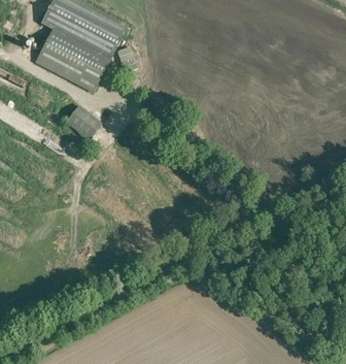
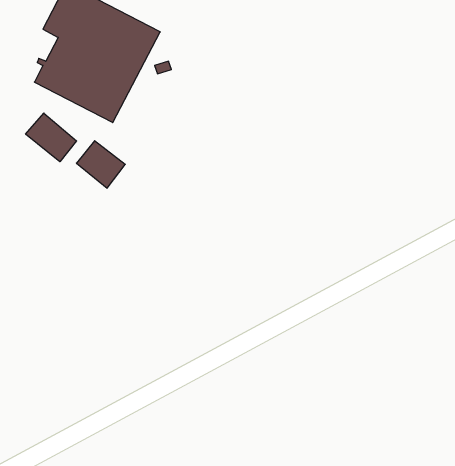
building: none -> [26,113,77,162]

